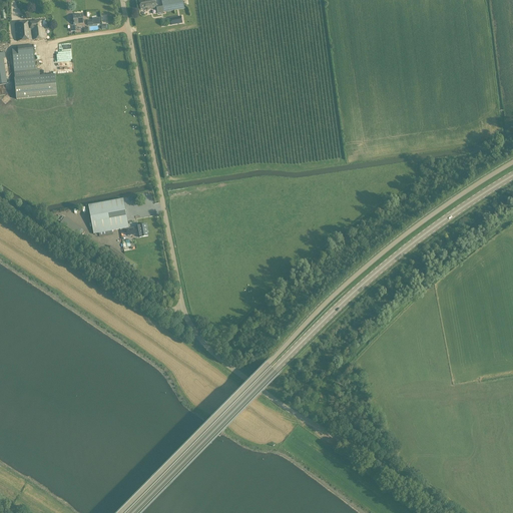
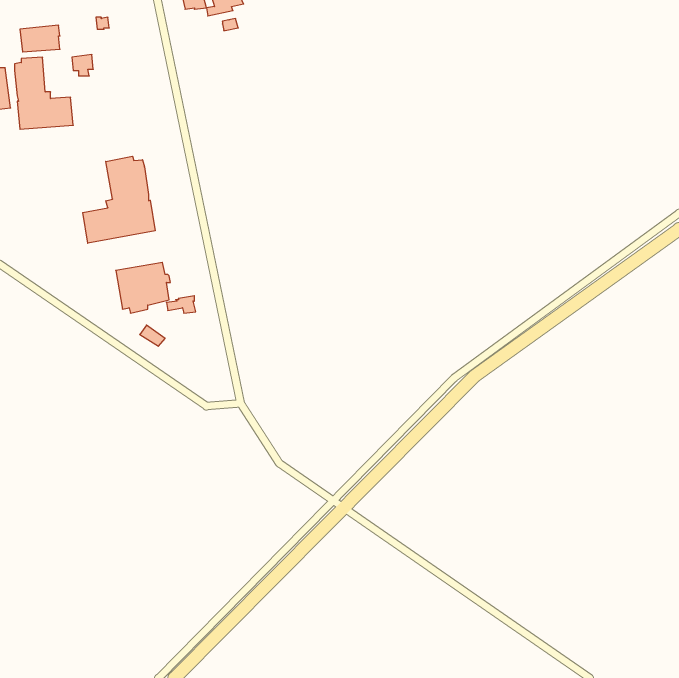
building: none -> [83,156,155,243]

